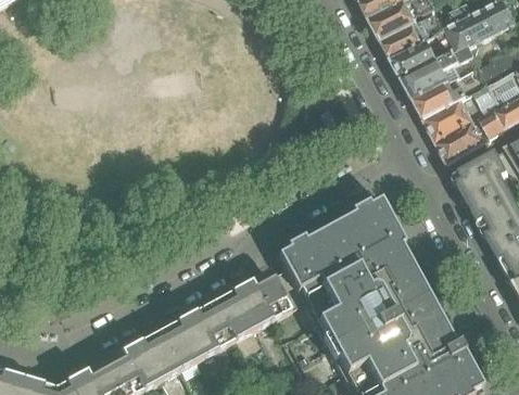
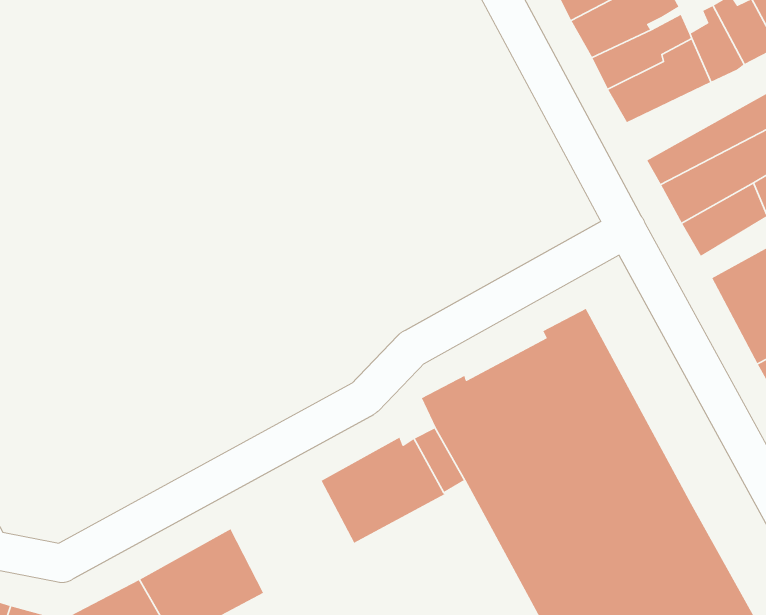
building: [403,47,481,102] -> none
building: [159,300,235,369] -> none

